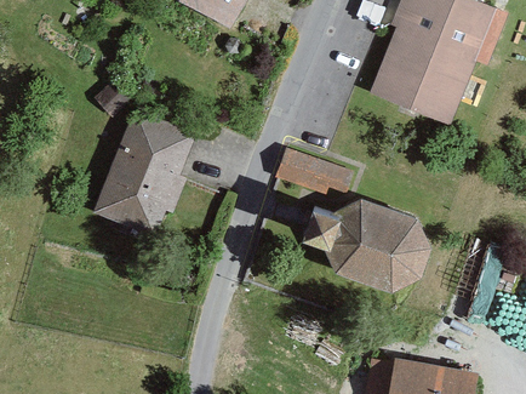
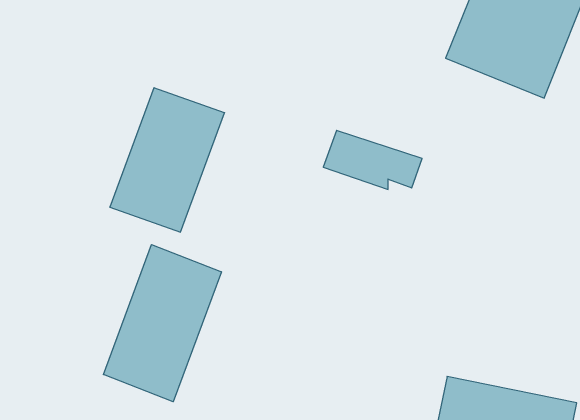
building: [302,202,431,295] -> none
building: none -> [103,245,221,402]

